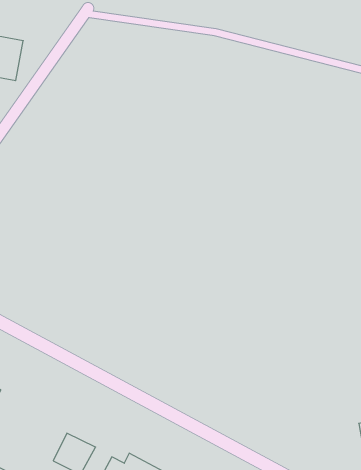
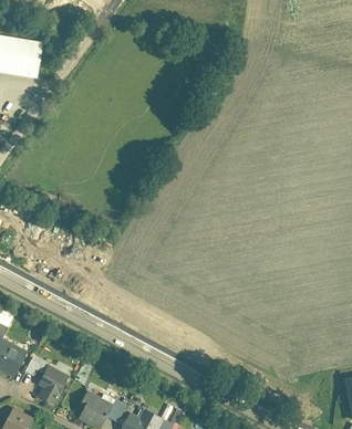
building: none -> [35,355,73,407]

